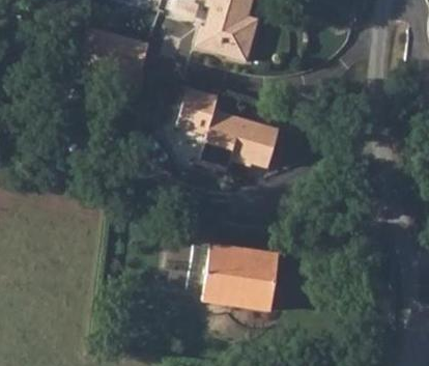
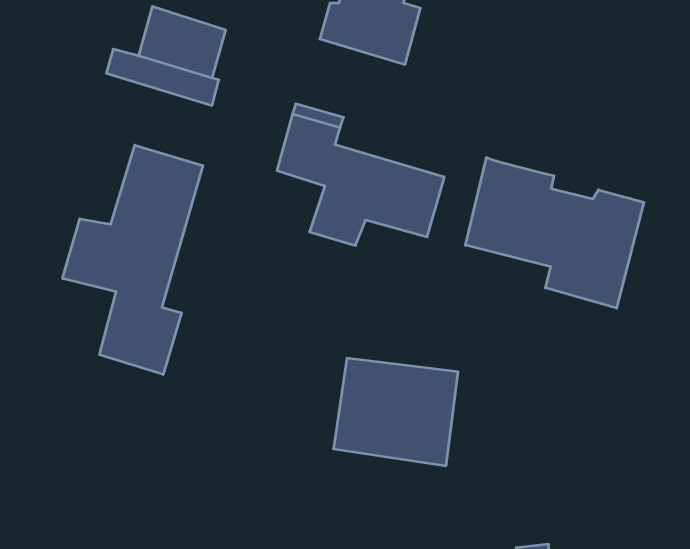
building: none -> [63,145,203,375]
building: none -> [465,157,644,308]

